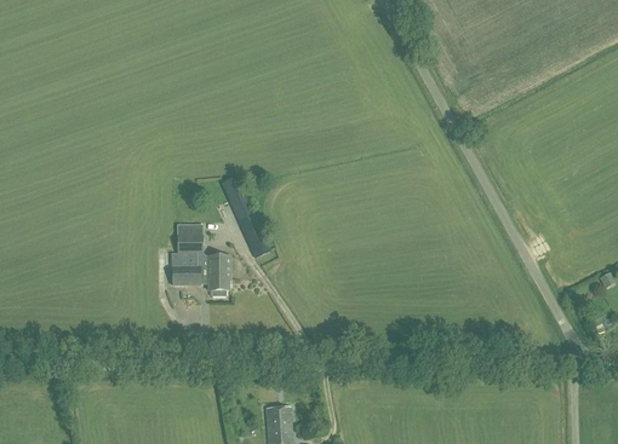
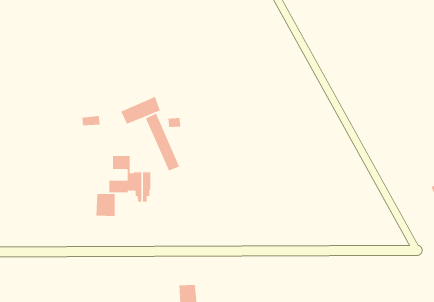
building: none -> [120,96,161,125]
building: none -> [95,193,116,217]

